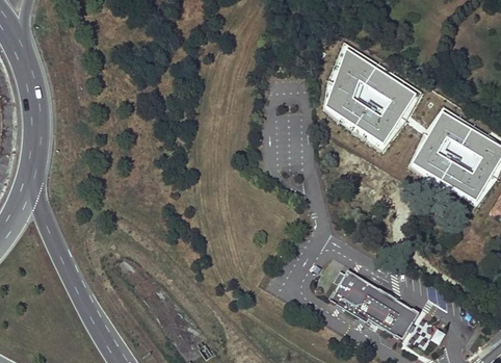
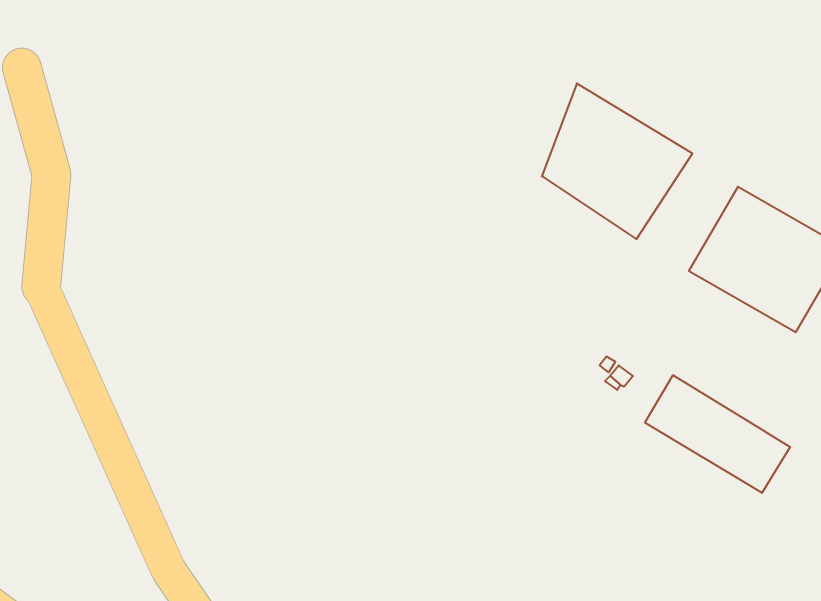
building: [331,267,417,337] -> [645,375,790,493]

